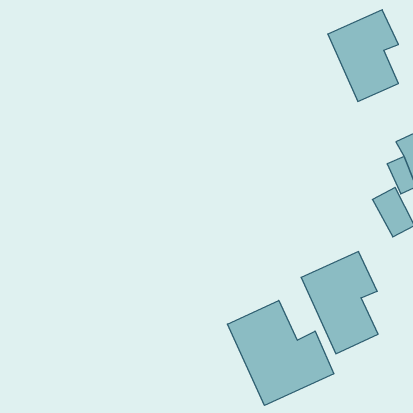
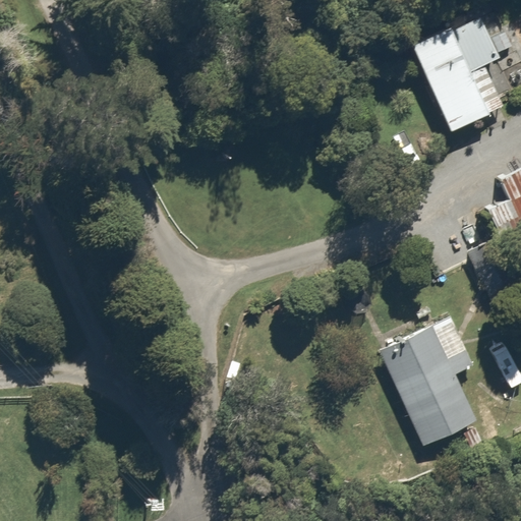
building: [227,300,334,405] -> none

